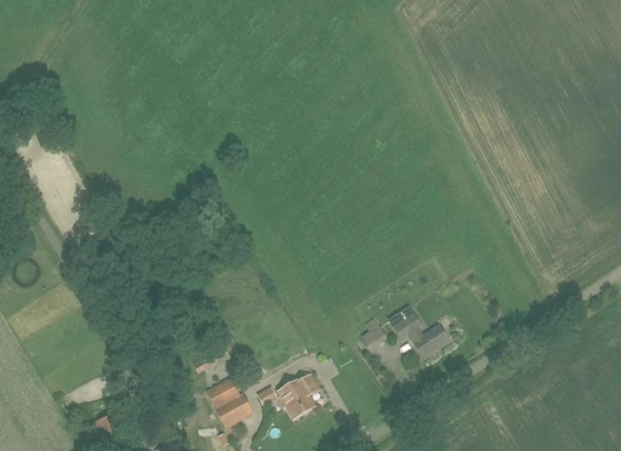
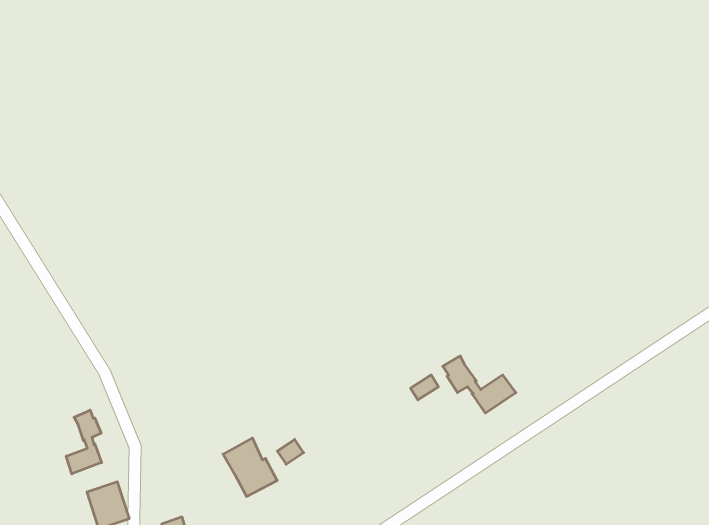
building: none -> [66,410,102,474]
building: [278,375,319,417] -> none

